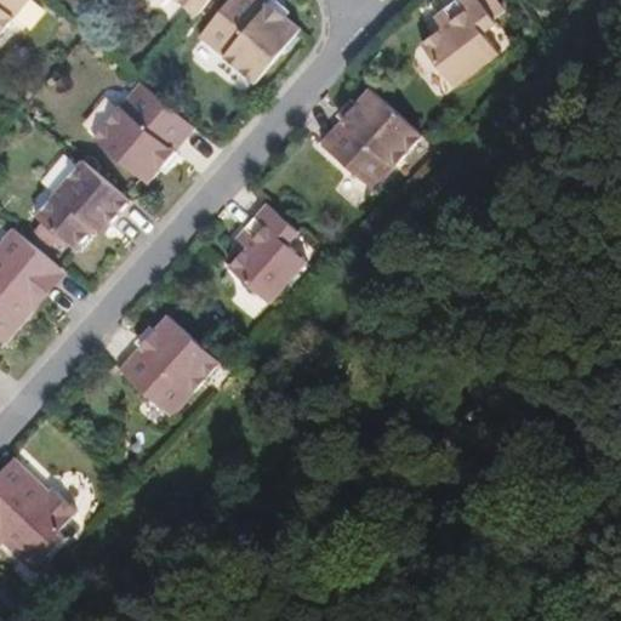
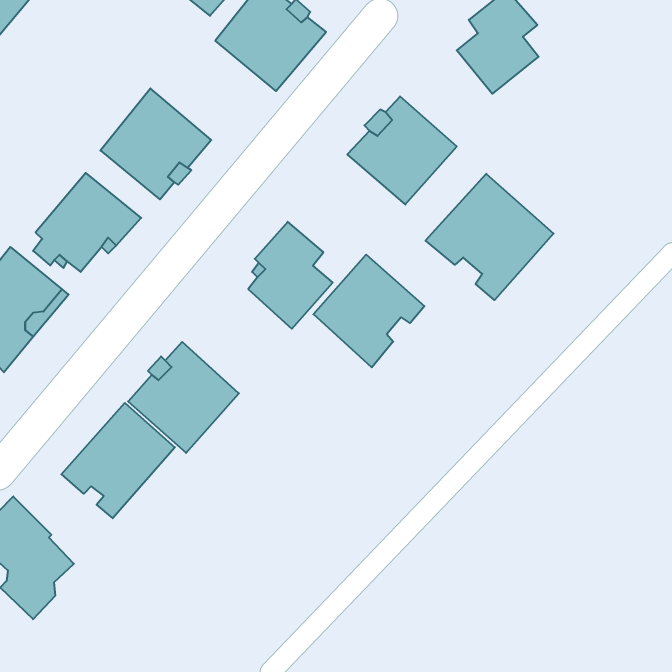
building: none -> [426,174,554,300]
building: none -> [313,255,424,367]
building: none -> [61,403,175,518]

